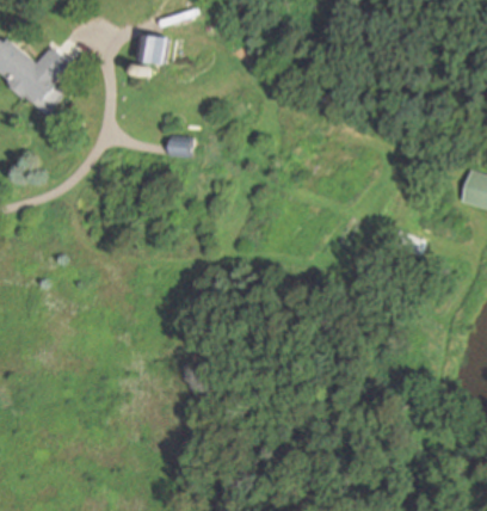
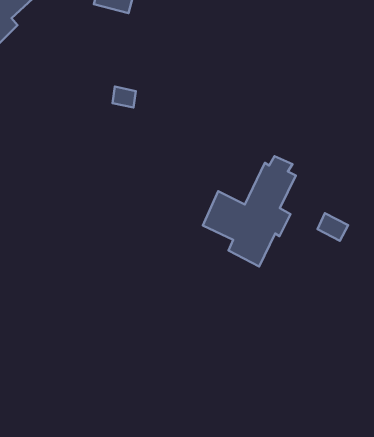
building: none -> [203,156,296,266]

